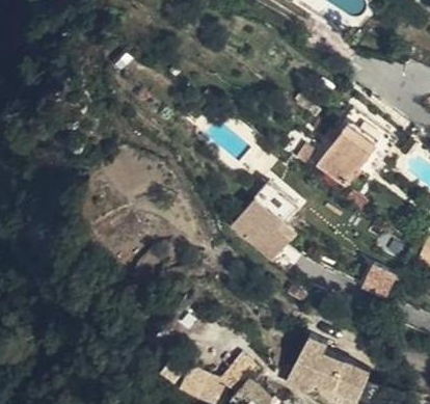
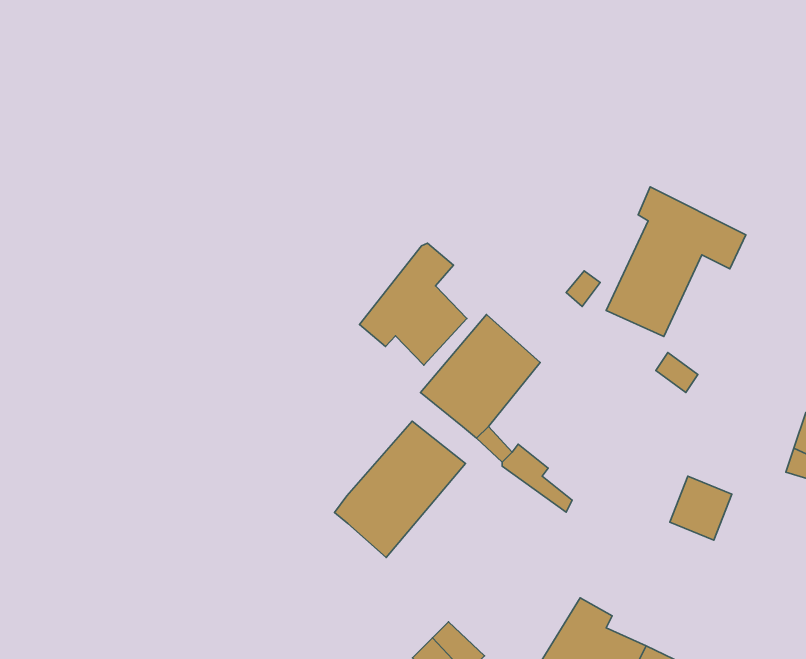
building: none -> [359,243,467,365]
building: none -> [335,421,466,558]

